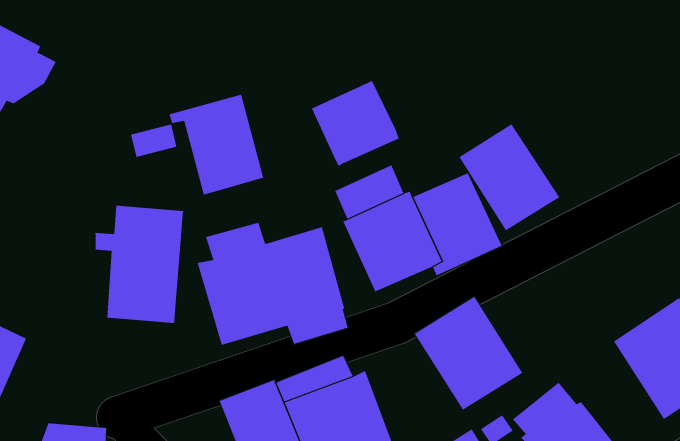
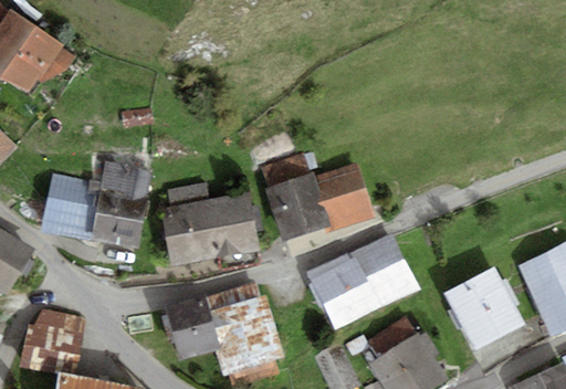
building: [311,80,399,167] -> none
building: [169,94,264,196] -> none
building: [459,123,560,231] -> [352,233,420,308]
building: none -> [42,175,98,240]

